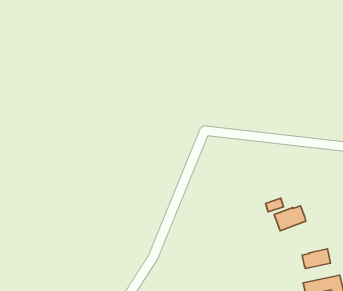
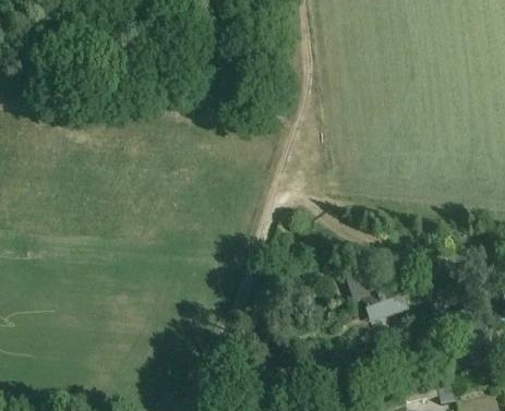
building: [302,249,330,268] -> none

